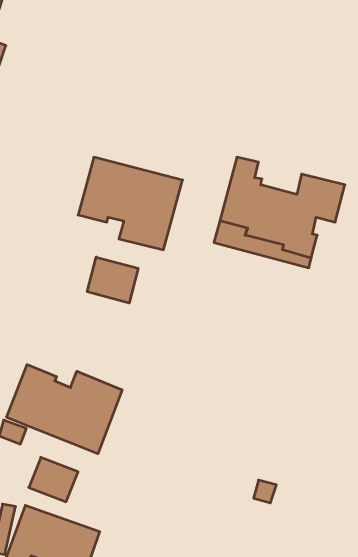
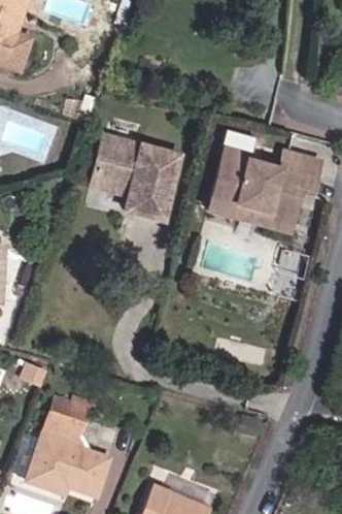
building: [87,257,138,303] -> none
building: [7,365,122,454] -> none

